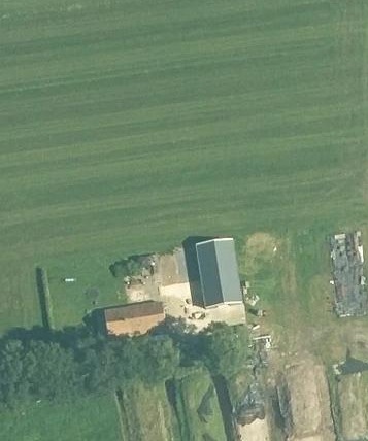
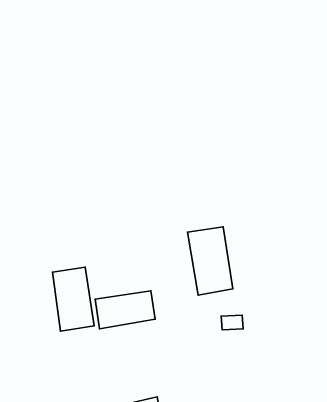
building: none -> [53,267,94,331]

